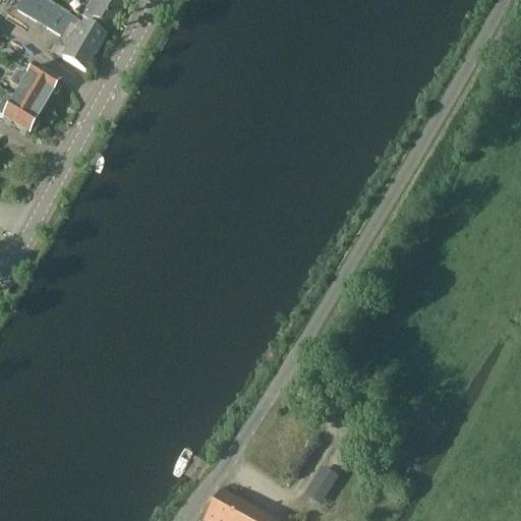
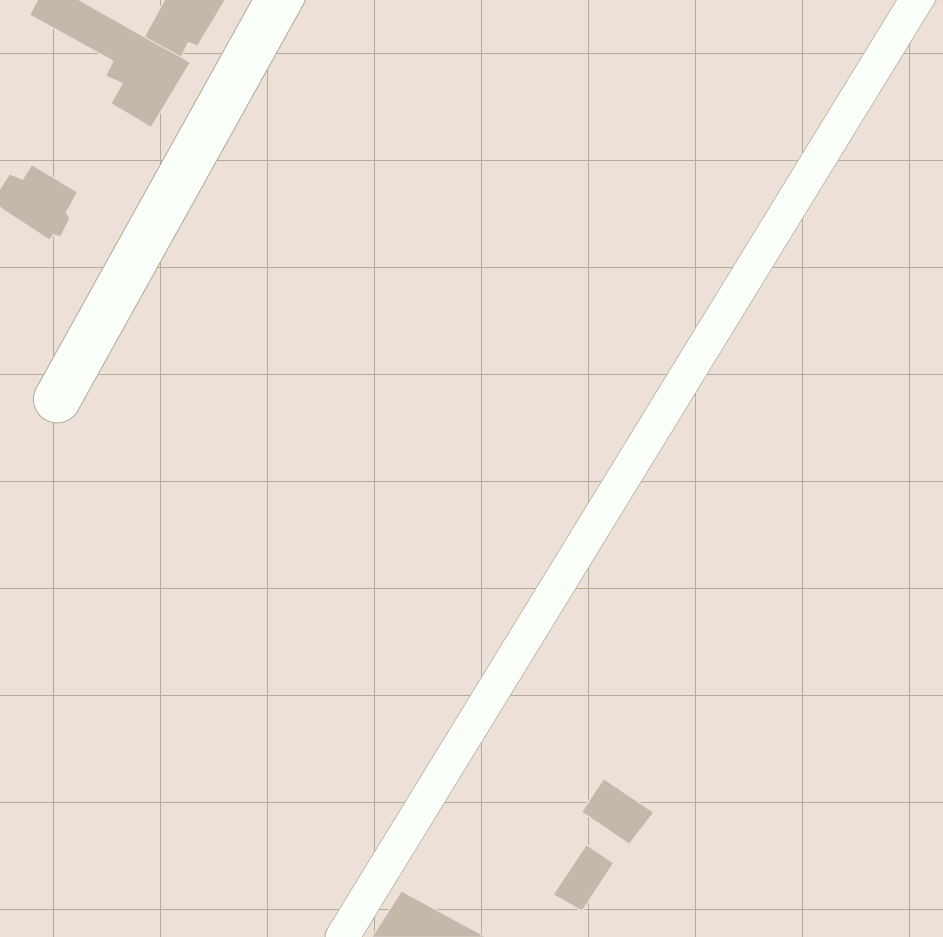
building: [7,64,60,106] -> none
building: none -> [582,779,654,845]

